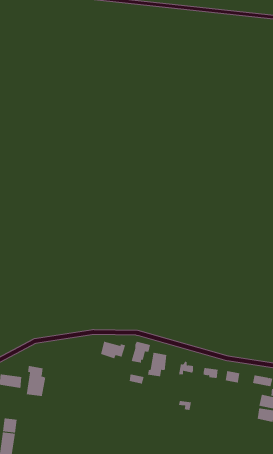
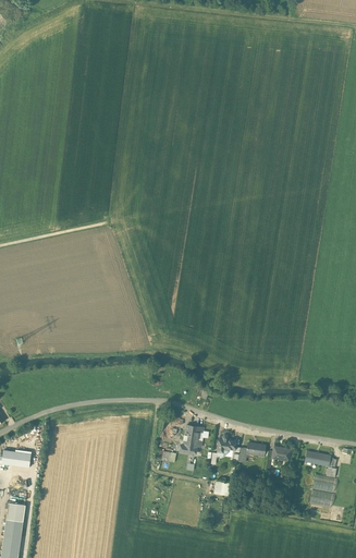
building: [100,341,126,359] -> none
building: [26,365,46,397] -> none

